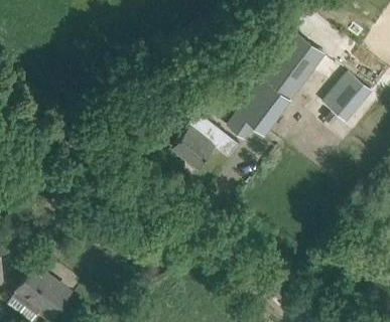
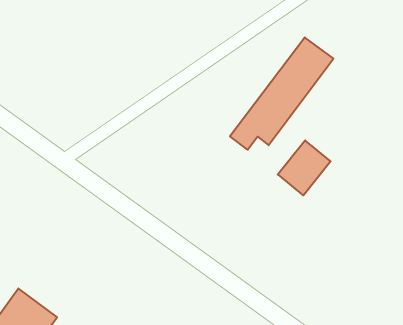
building: [323,71,372,122] -> [278,140,331,195]
building: [172,124,226,167] -> none

